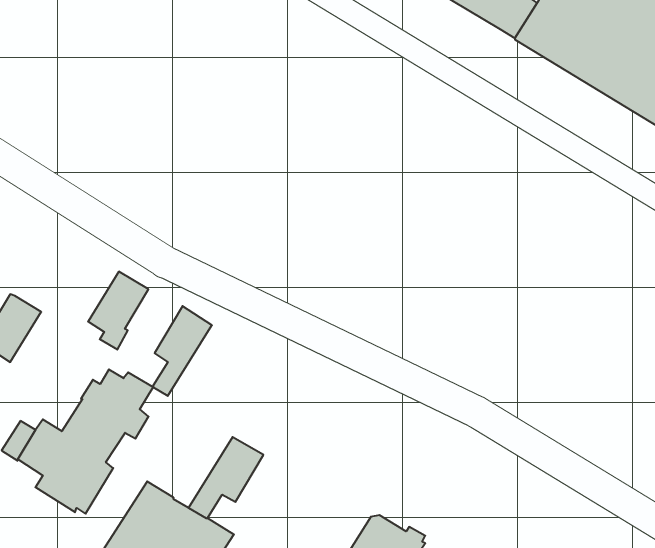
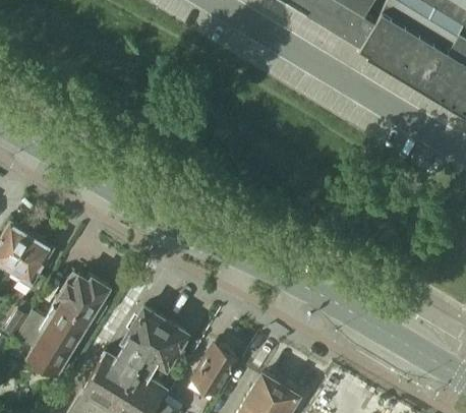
building: [88,272,148,350] -> [11,235,53,289]
building: [153,306,212,396] -> [124,308,165,370]
building: none -> [194,345,237,394]

